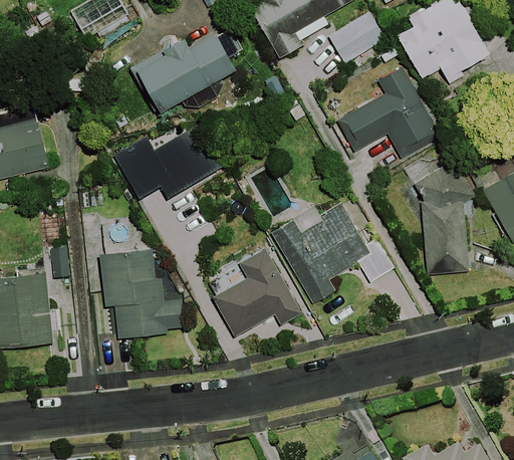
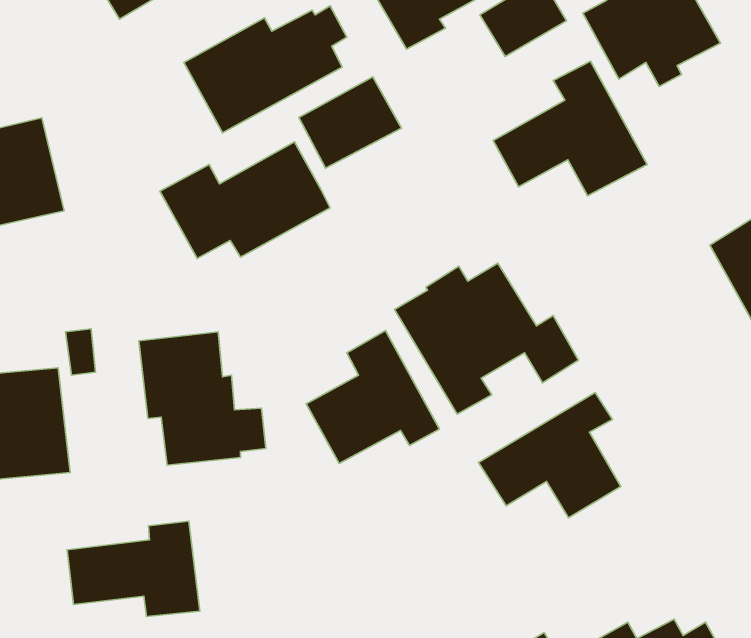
building: none -> [299,77,401,168]
building: [415,161,476,274] -> none
building: none -> [478,393,621,518]
building: none -> [67,521,200,617]

